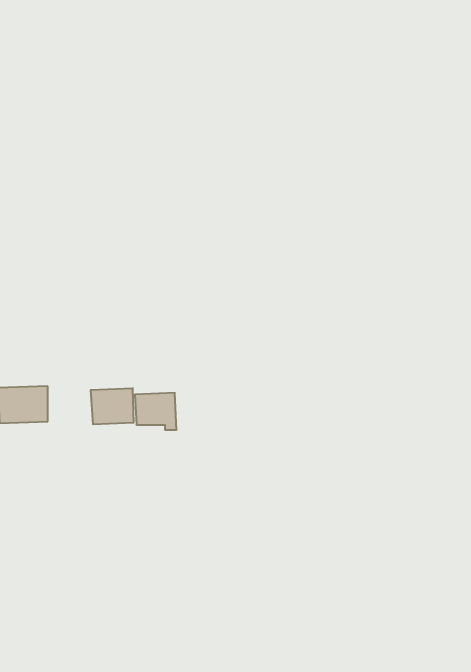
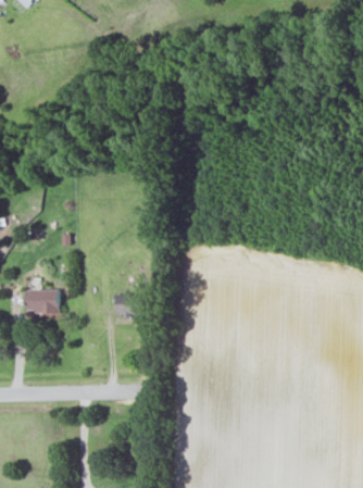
building: [91,388,134,424] -> none

